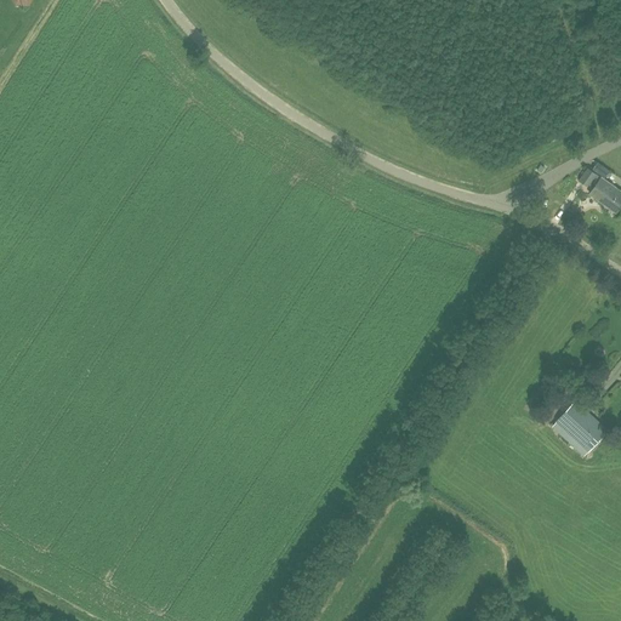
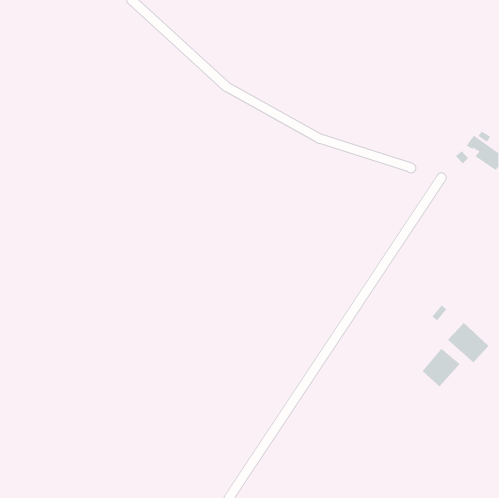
building: none -> [422,348,460,387]

